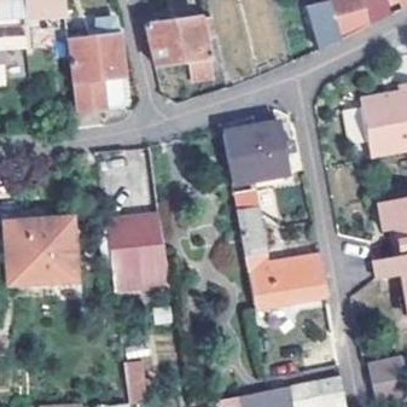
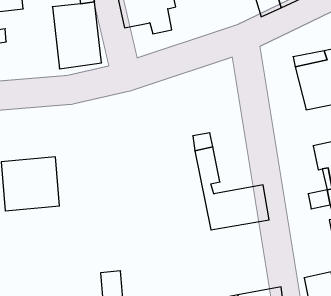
building: [222,121,295,184] -> none
building: [105,210,168,287] -> none

